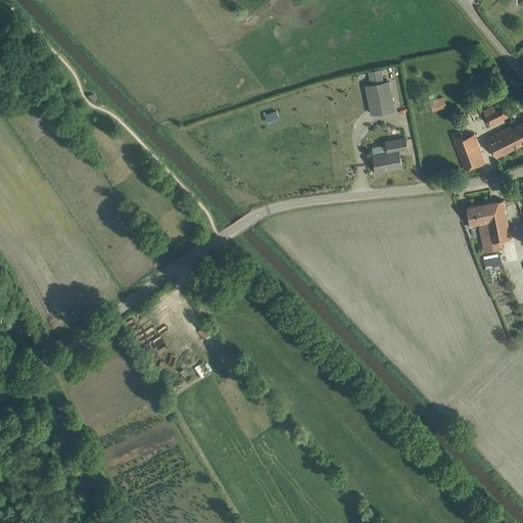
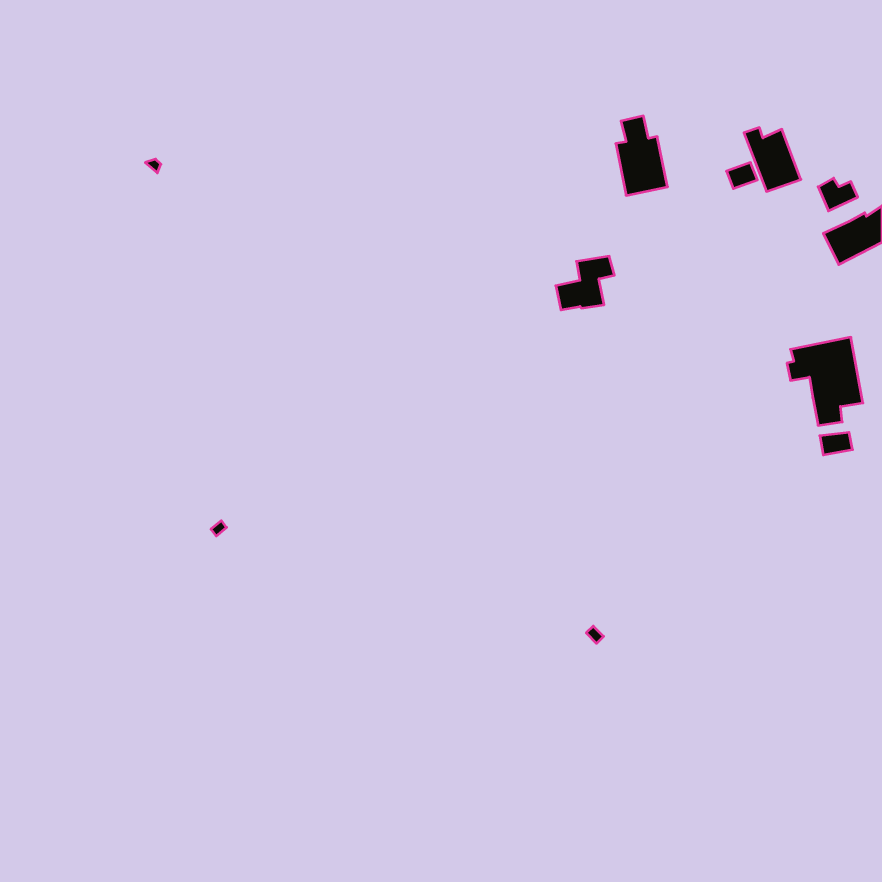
building: [450,133,484,171] -> [744,128,801,191]
building: [373,139,408,171] -> [556,256,614,310]

